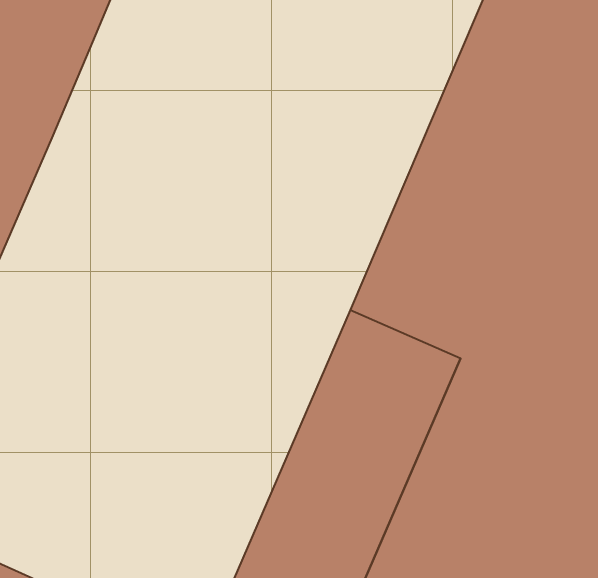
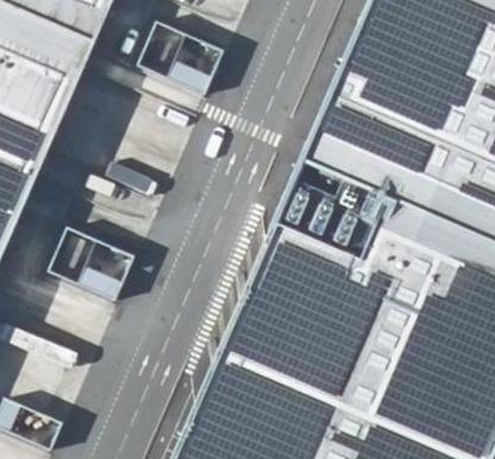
building: none -> [138,20,219,92]
building: none -> [48,227,133,300]

